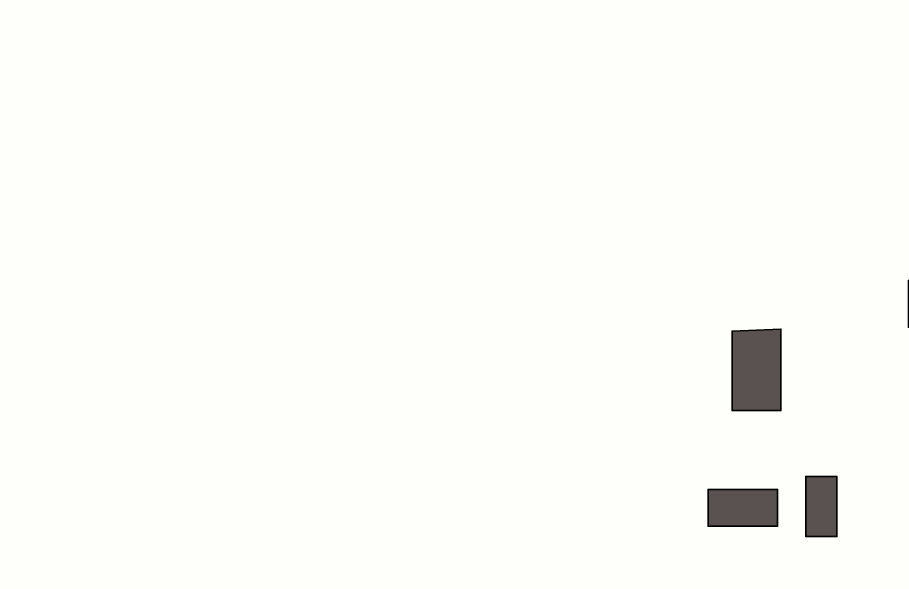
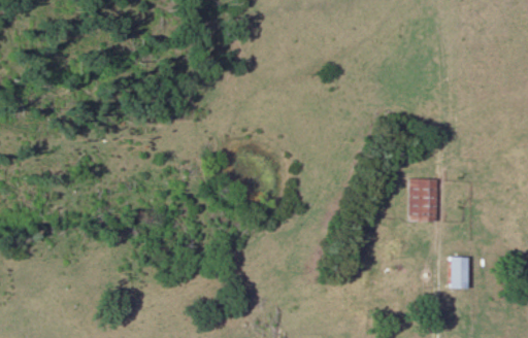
building: [708,489,778,526] -> none

